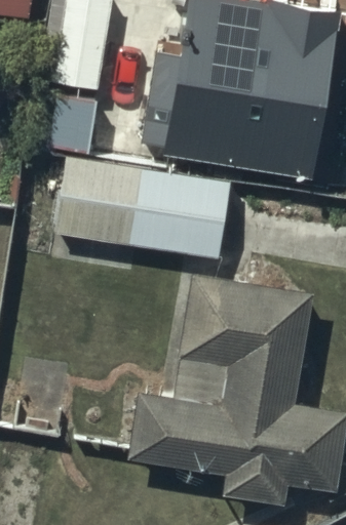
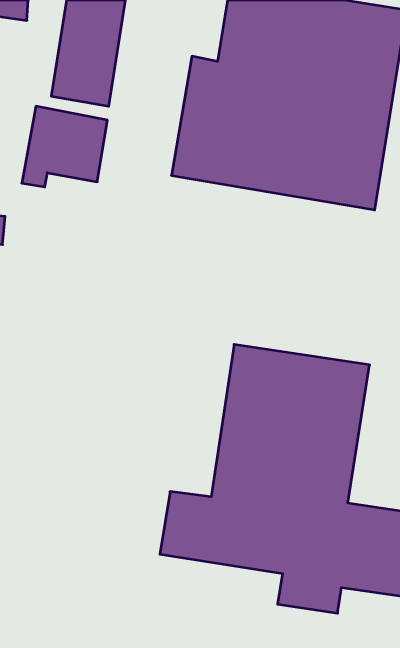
building: [57,163,229,253] -> none

